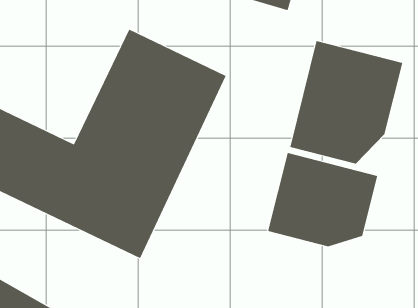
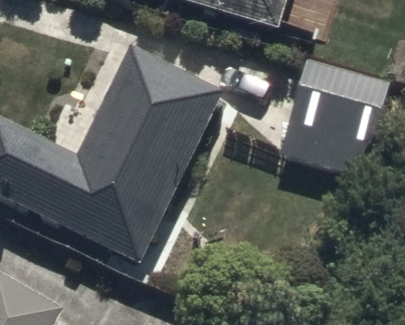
building: [267,152,378,247] -> none

